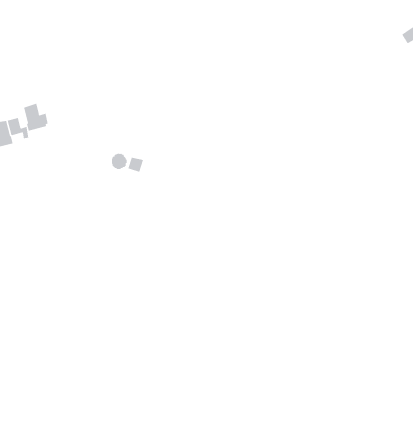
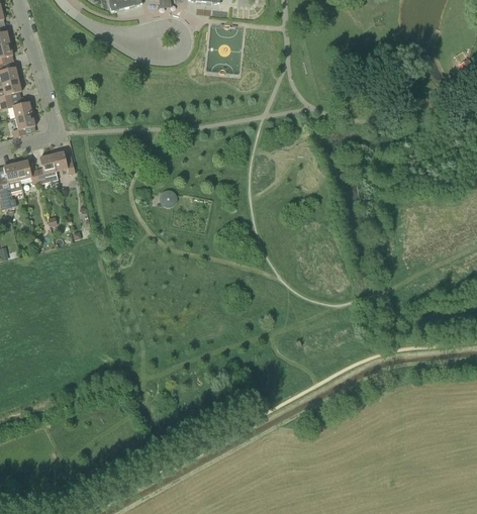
building: [23,103,48,131] -> none

